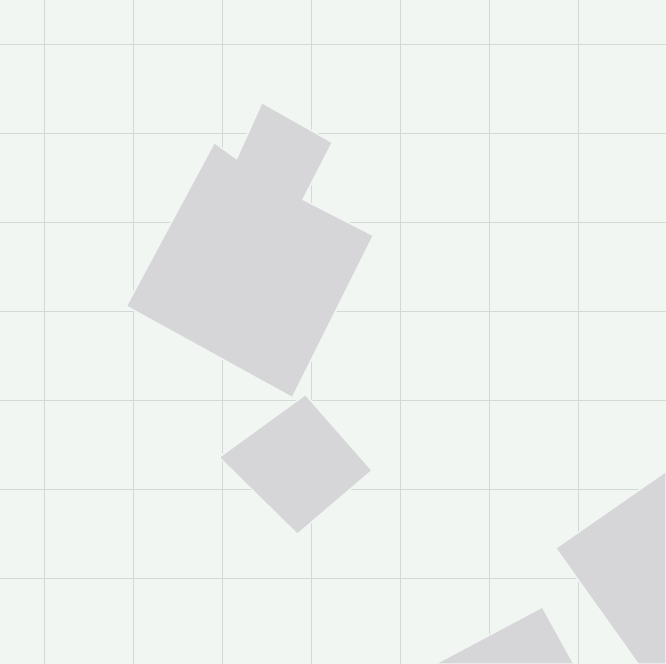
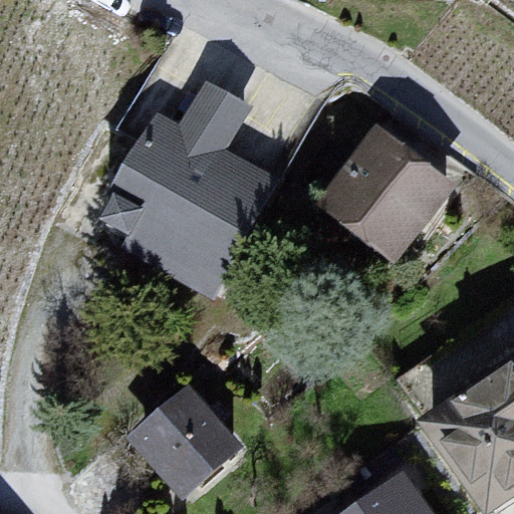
building: none -> [317,130,454,265]
building: [219,395,372,534] -> [121,389,237,494]

